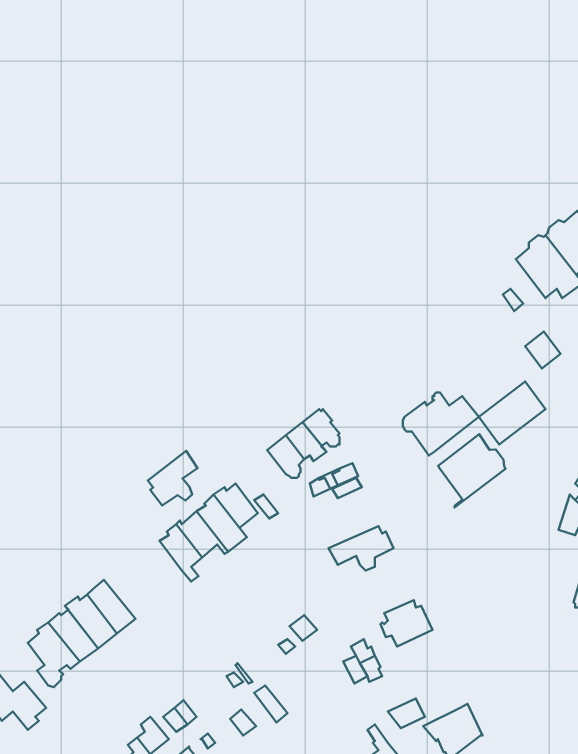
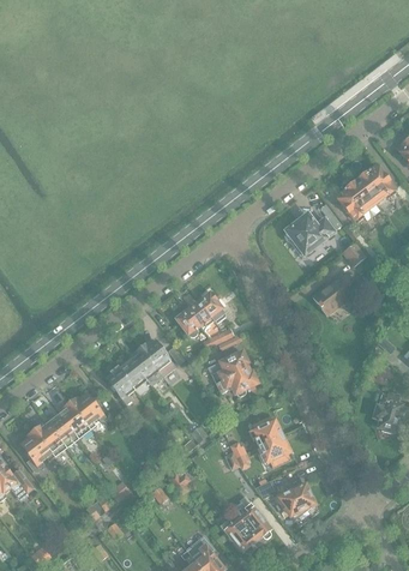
building: [403,393,479,456] -> [283,216,332,257]
building: [438,434,505,507] -> none
building: [148,451,198,505] -> none
building: none -> [205,348,247,384]
building: none -> [70,393,104,428]
building: none -> [259,435,289,465]

